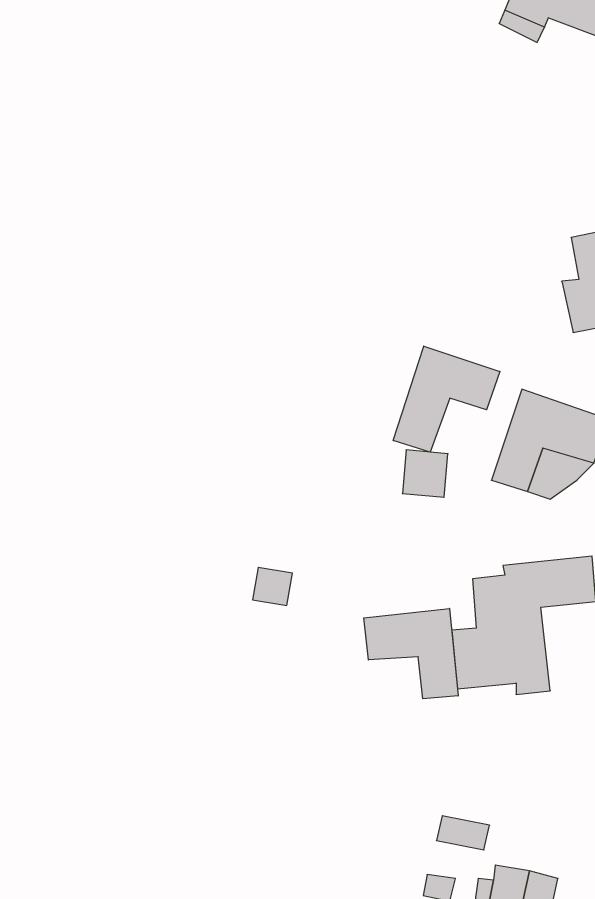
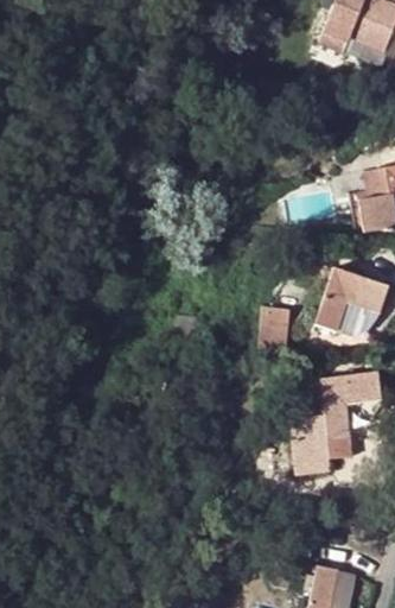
building: [393,346,500,452] -> none
building: [364,608,458,699] -> none

